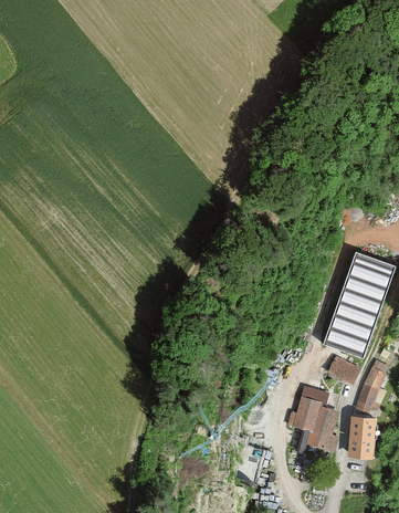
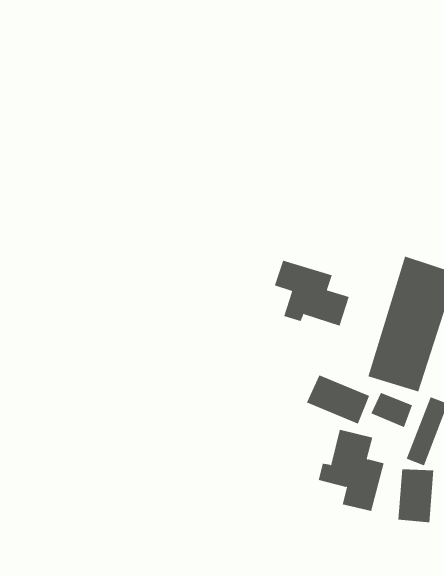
building: none -> [274,260,349,327]
building: none -> [306,375,370,425]

